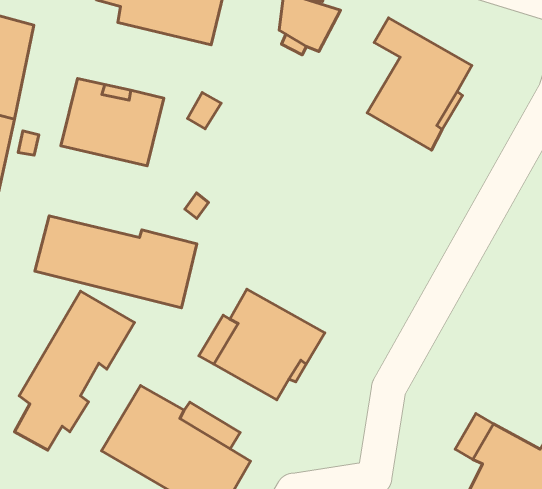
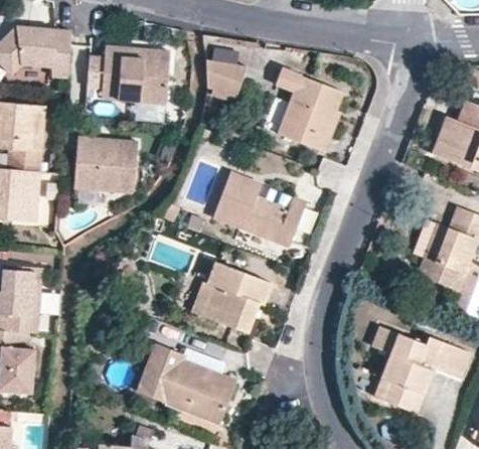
building: none -> [212,172,308,247]
building: [35,216,197,308] -> none
building: [15,291,134,450] -> none

